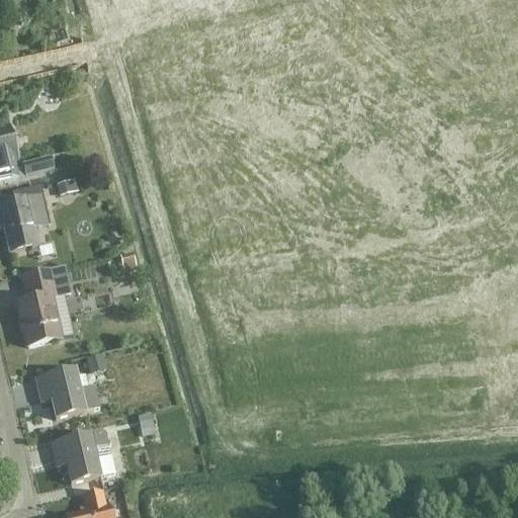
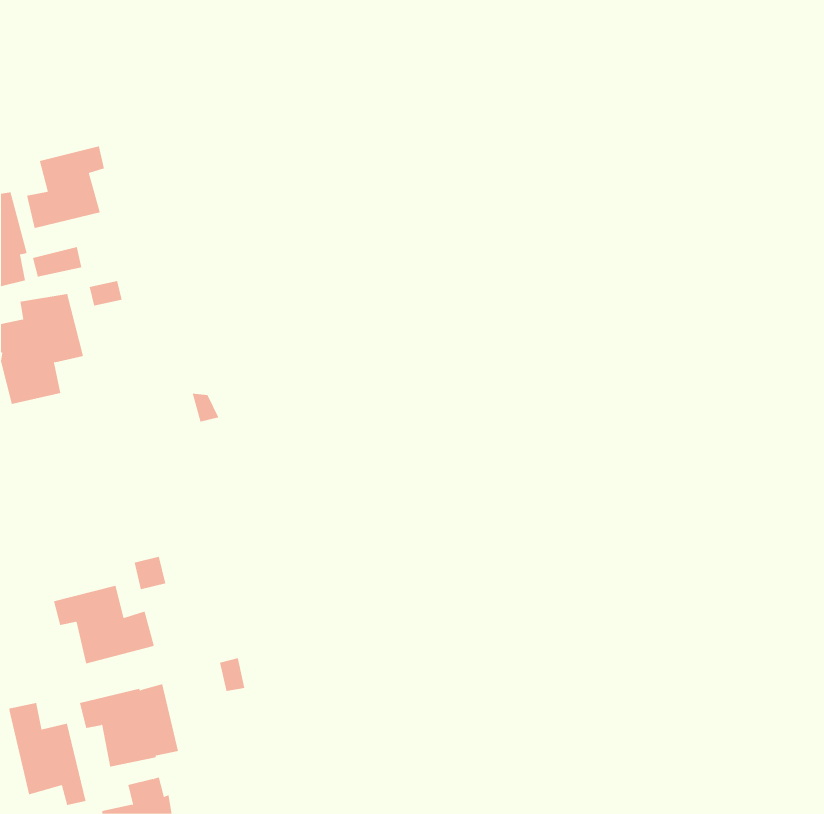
building: none -> [27,146,105,229]
building: [16,262,69,345] -> none
building: none -> [8,702,86,806]

